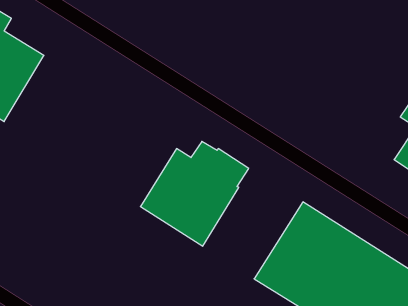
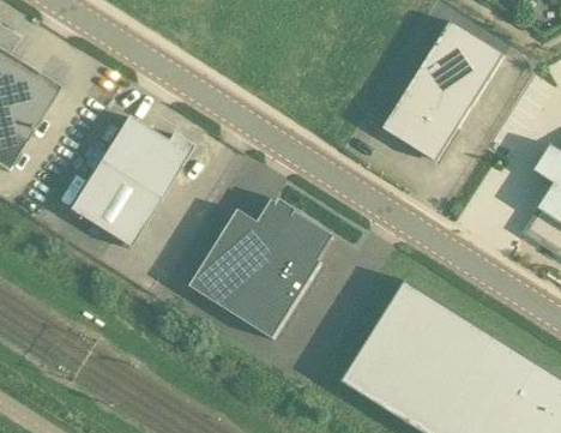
building: none -> [382,20,503,161]
building: none -> [67,115,192,247]

